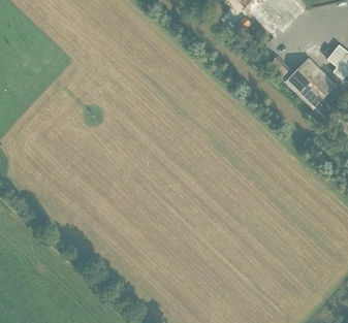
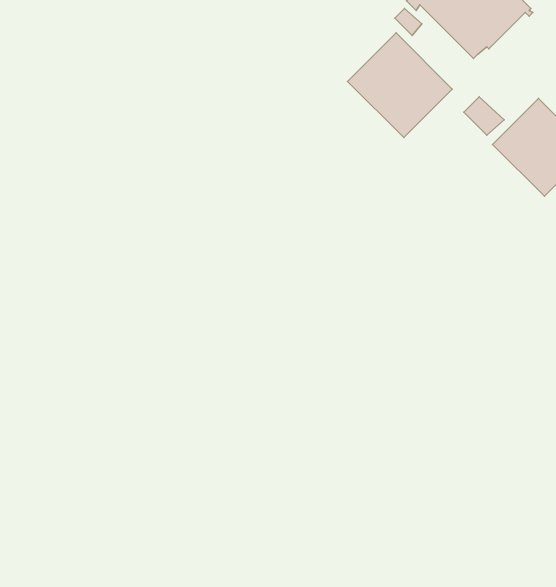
building: none -> [348,33,452,138]

